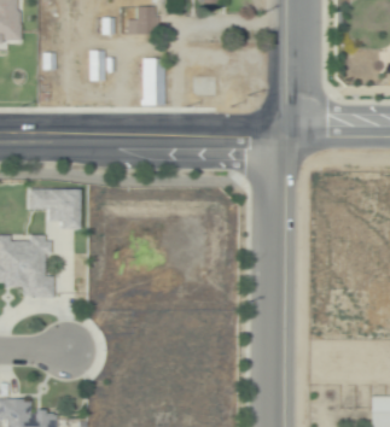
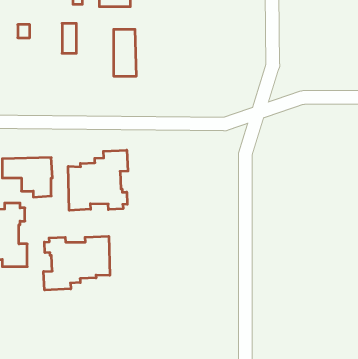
building: none -> [68,150,128,210]
building: none -> [44,236,110,290]

